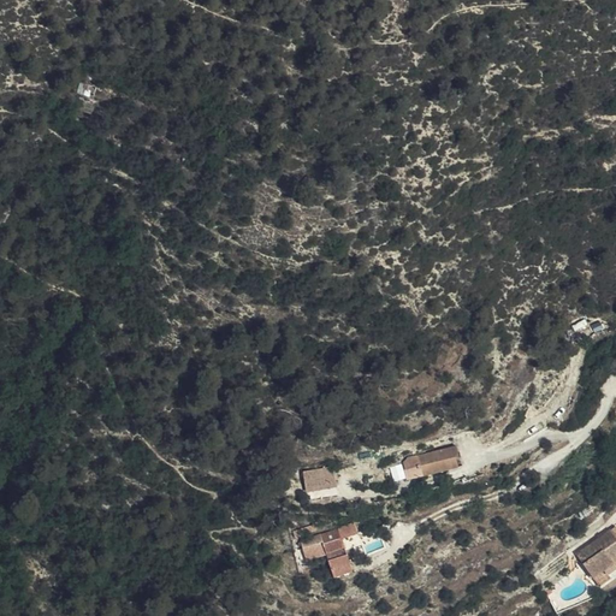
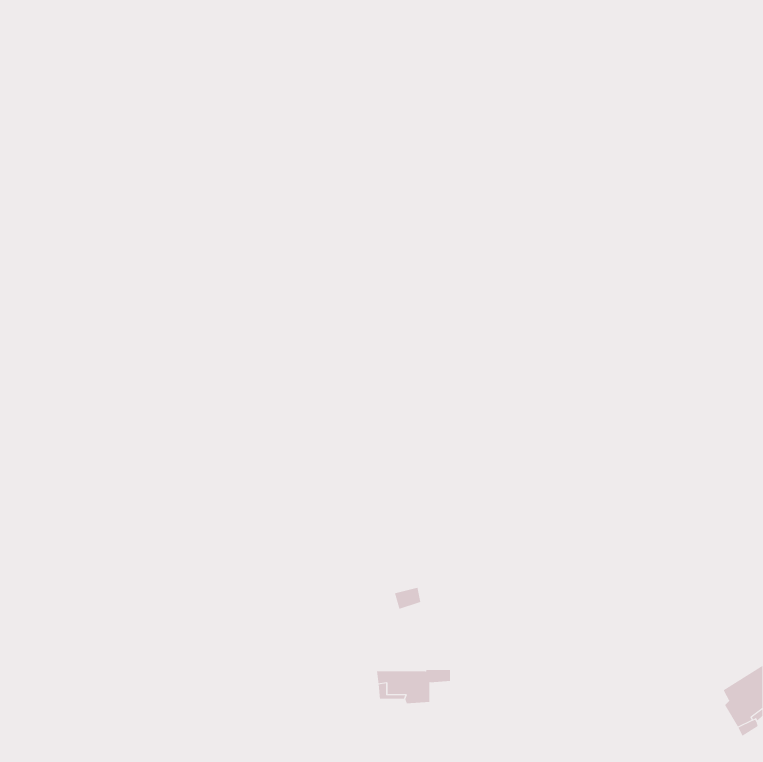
building: [411,440,461,473] -> none

